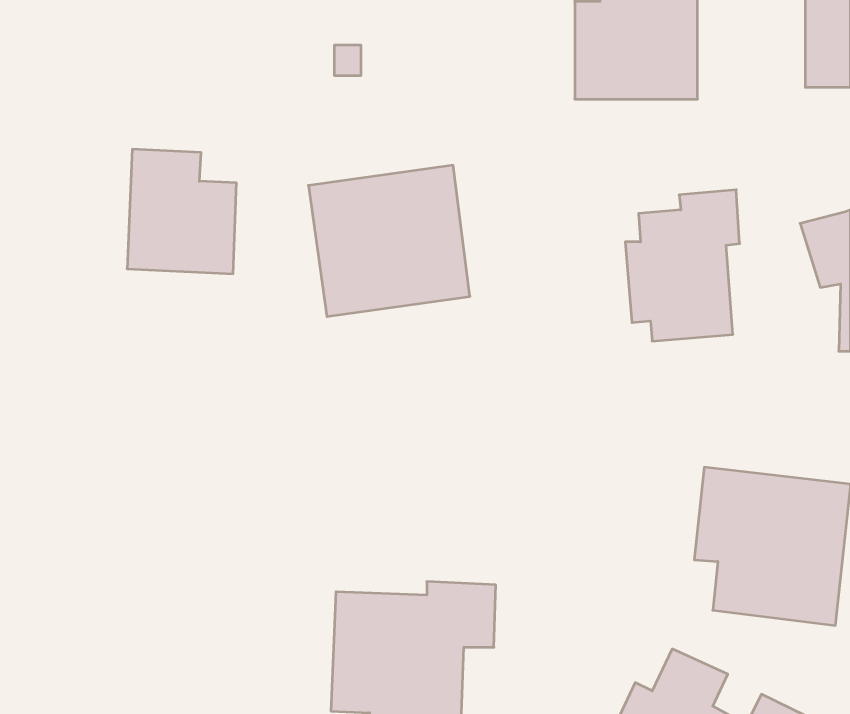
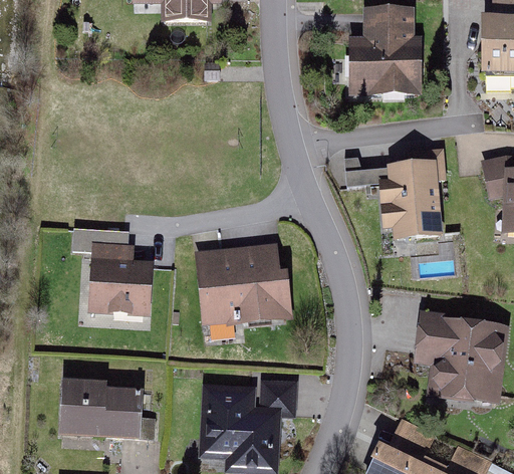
building: [127,149,236,274] -> [88,241,154,315]
building: [308,165,470,317] -> [196,241,292,331]
building: none -> [61,380,142,439]

